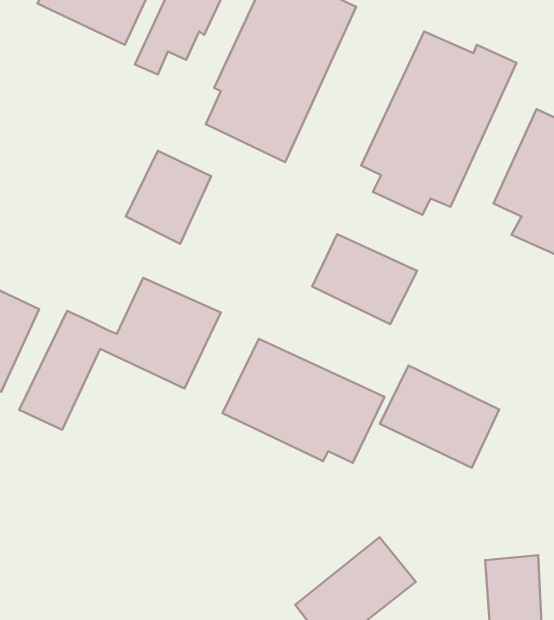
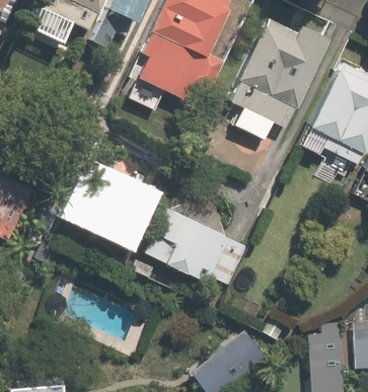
building: [126,151,211,244] -> none
building: [312,234,417,324] -> none
building: [380,365,499,468] -> none

